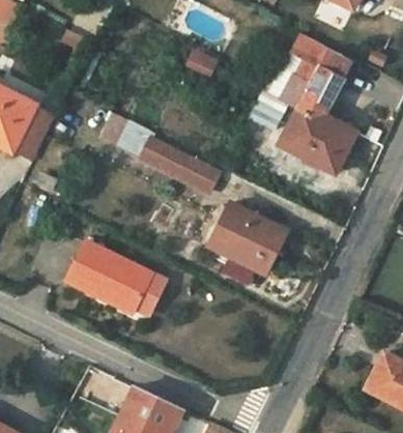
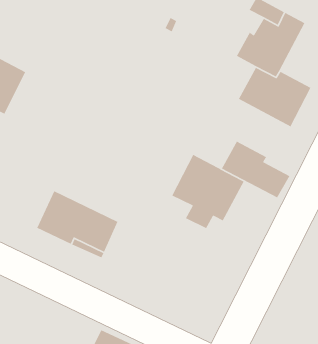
building: [103,114,218,191] -> none
building: none -> [221,141,291,198]

